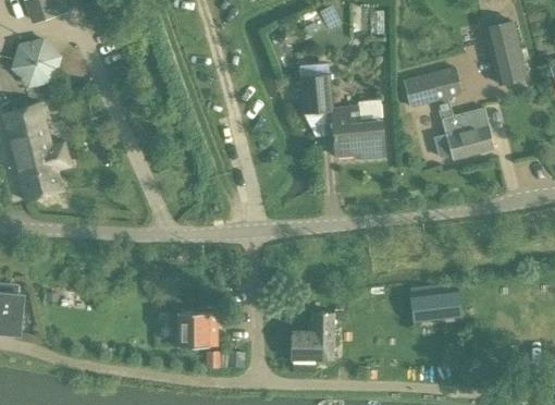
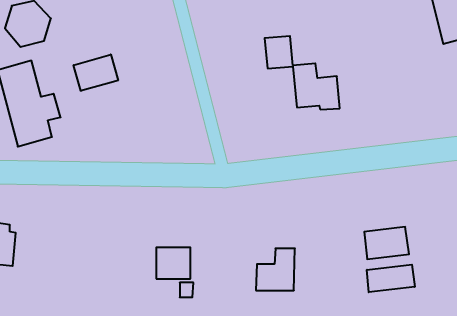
building: [403,66,495,160] -> none
building: none -> [74,54,118,91]
building: none -> [367,265,415,292]

